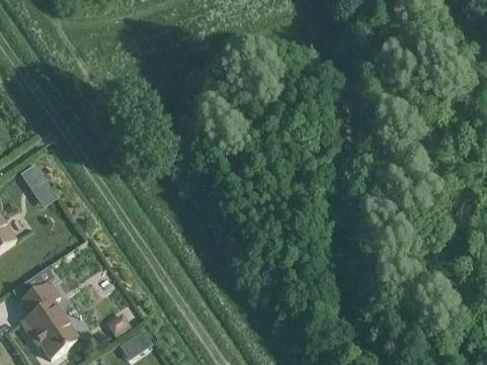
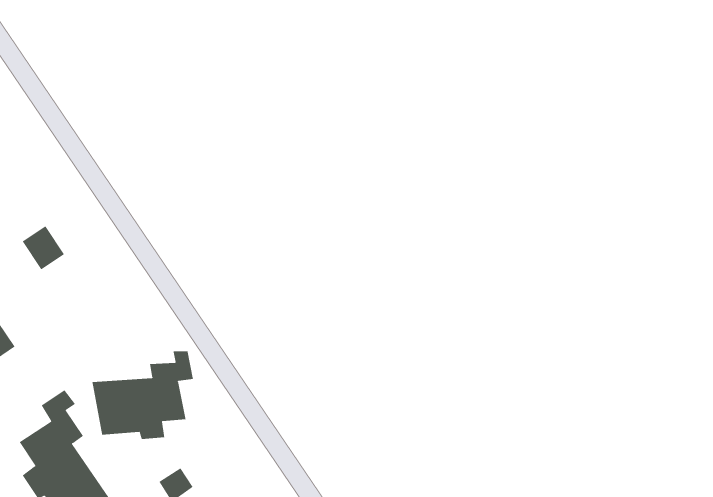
building: none -> [92,350,193,440]

